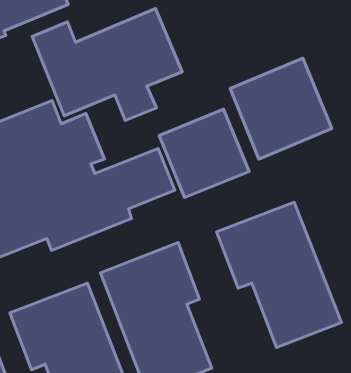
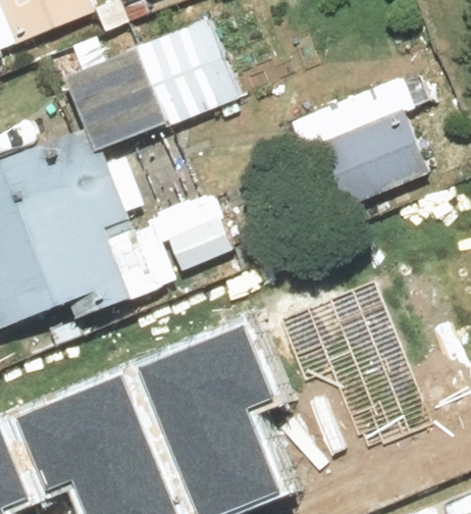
building: [159,109,249,198] -> none

